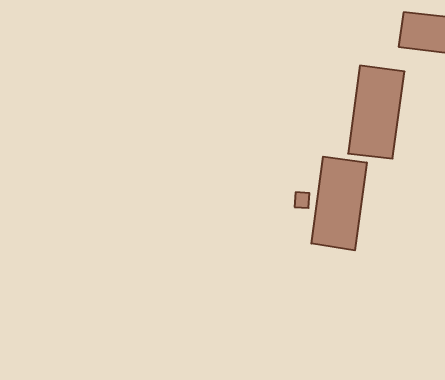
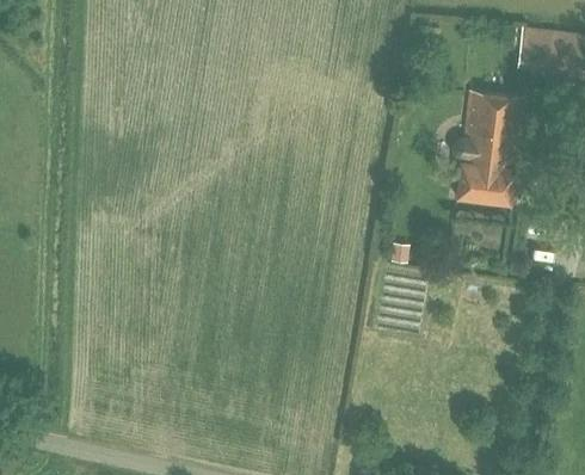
building: [311,157,367,250] -> none

